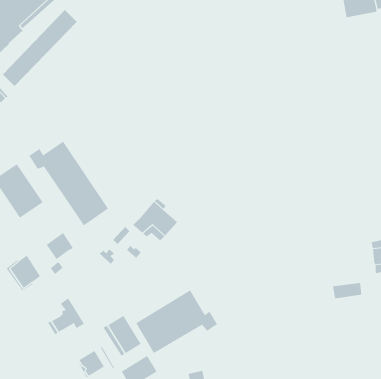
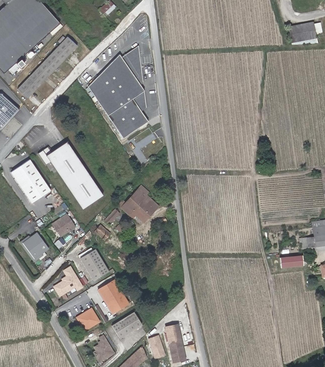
building: none -> [88,45,148,138]
building: none -> [80,249,108,280]
building: [136,290,218,354] -> none

